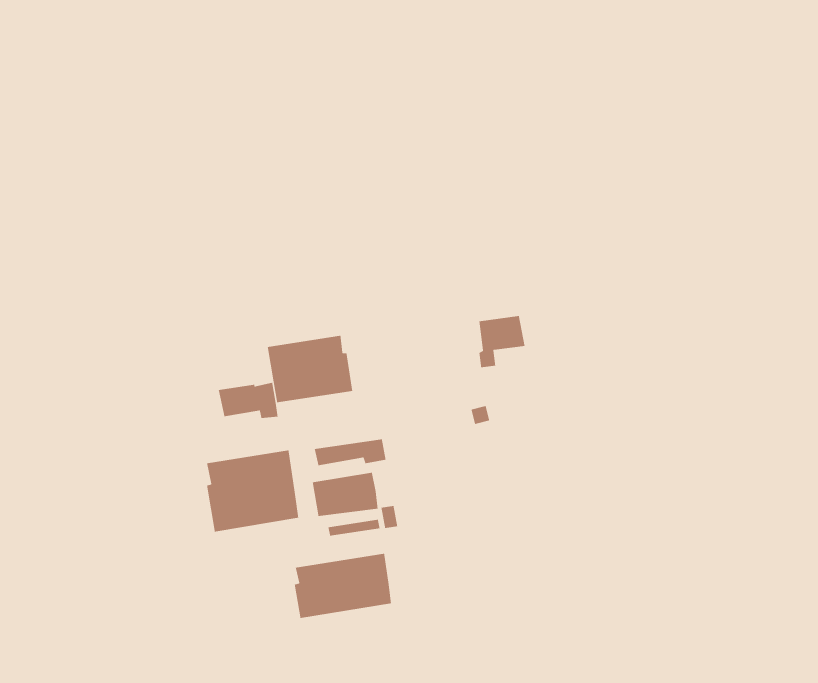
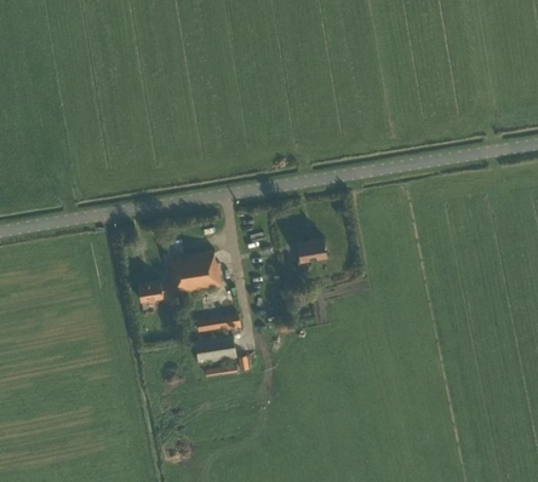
building: [206,449,299,532] -> none
building: [294,553,392,619] -> none

